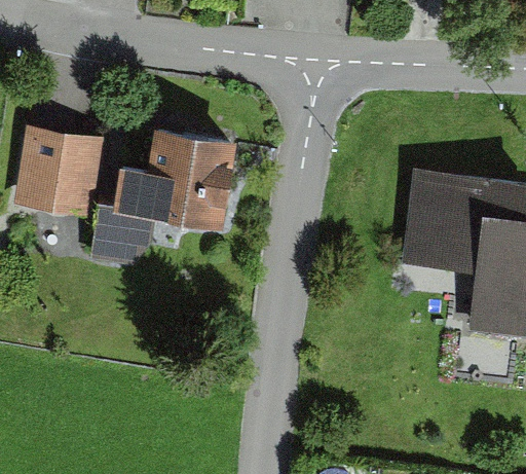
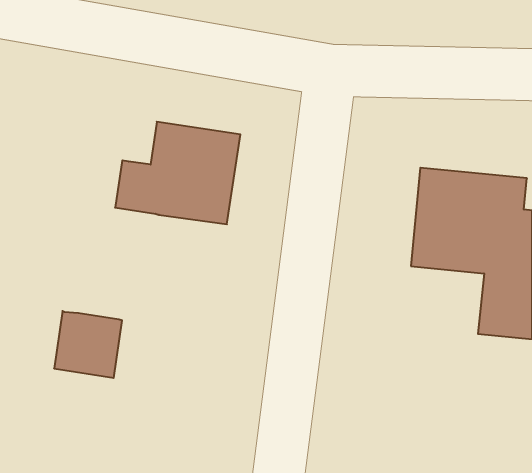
building: [16,126,105,218] -> none
building: [90,207,157,272] -> [54,311,122,378]

